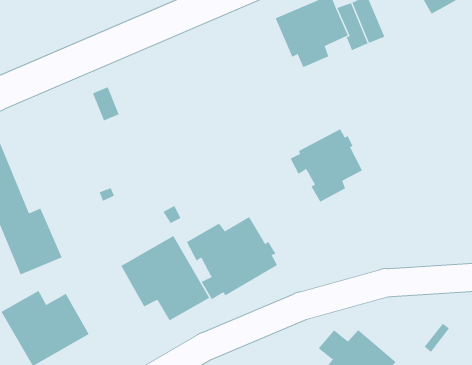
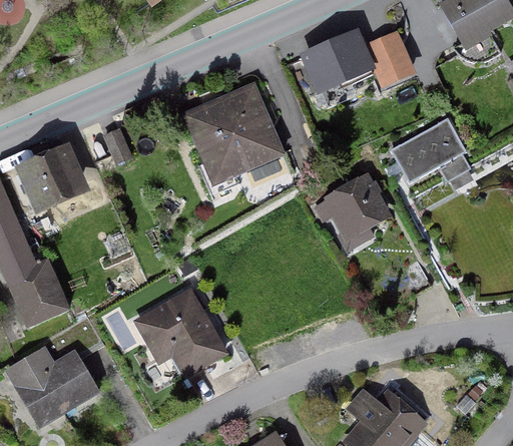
building: none -> [180,81,286,186]
building: none -> [389,116,473,189]
building: none -> [14,143,89,215]
building: [186,216,278,300] -> none

